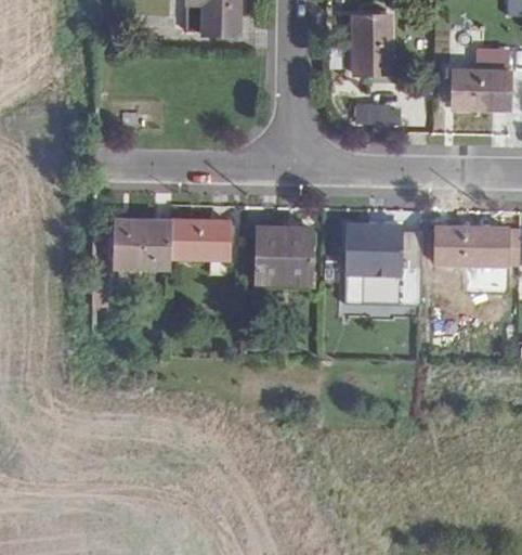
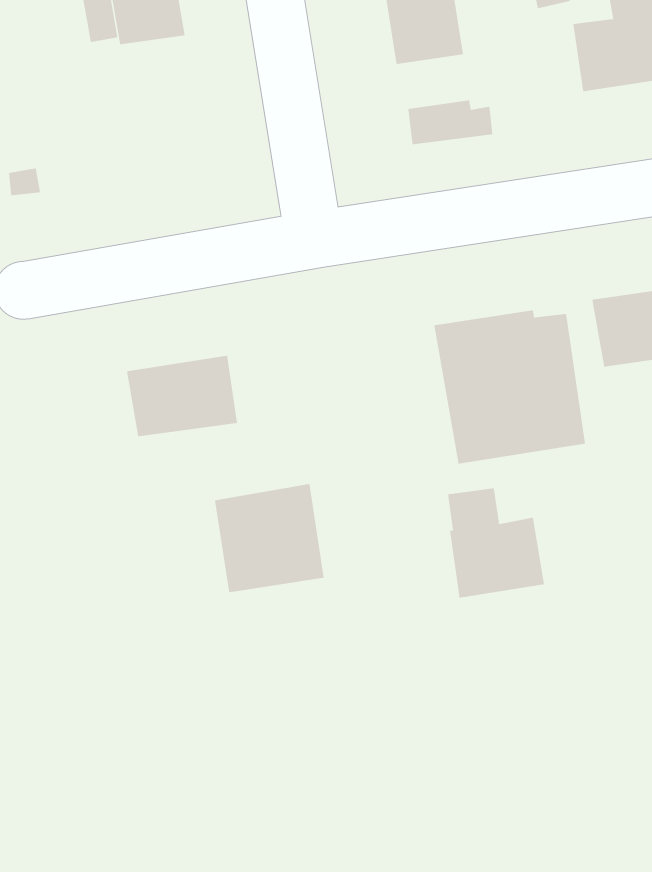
building: [112,219,170,269] -> none
building: [253,227,310,281] -> [214,484,325,593]
building: none -> [448,487,544,599]

